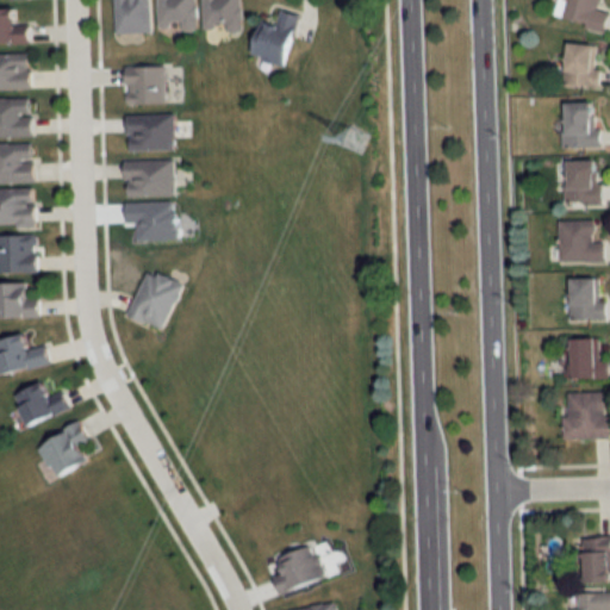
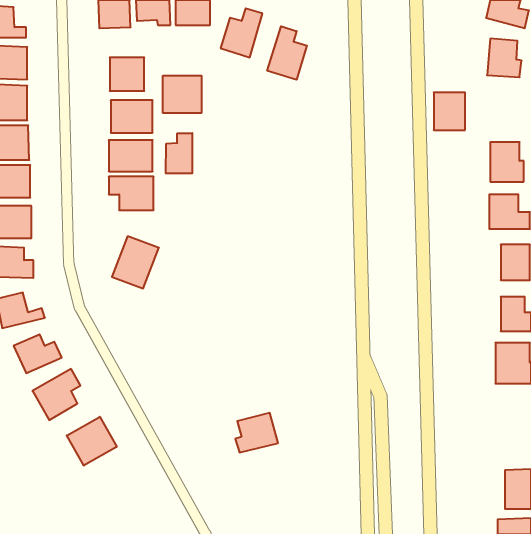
building: none -> [267,26,307,80]
building: none -> [163,76,201,113]
building: [558,104,593,147] -> [434,92,465,130]
building: none -> [166,133,192,173]
building: none -> [67,417,117,466]
building: [274,547,323,592] -> [235,413,278,452]

